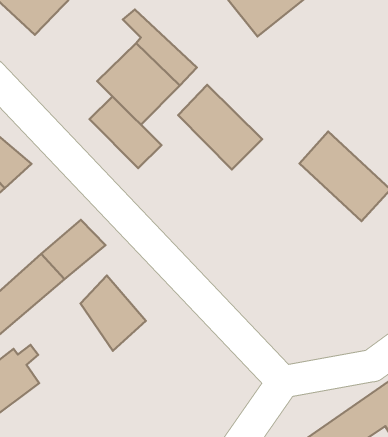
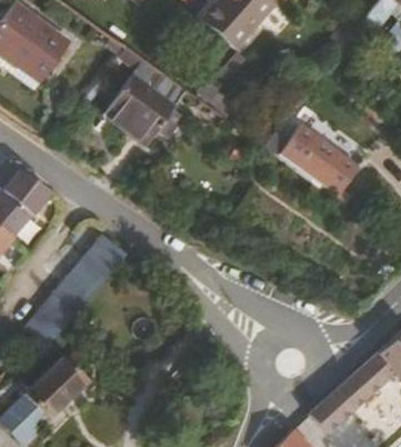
building: [178,85,262,169] -> none
building: [89,96,161,168] -> none
building: [80,276,146,351] -> none

